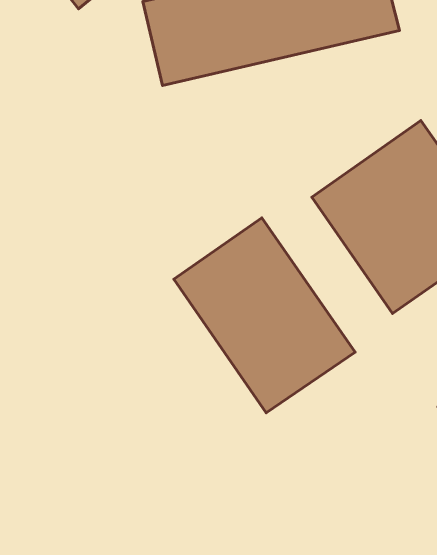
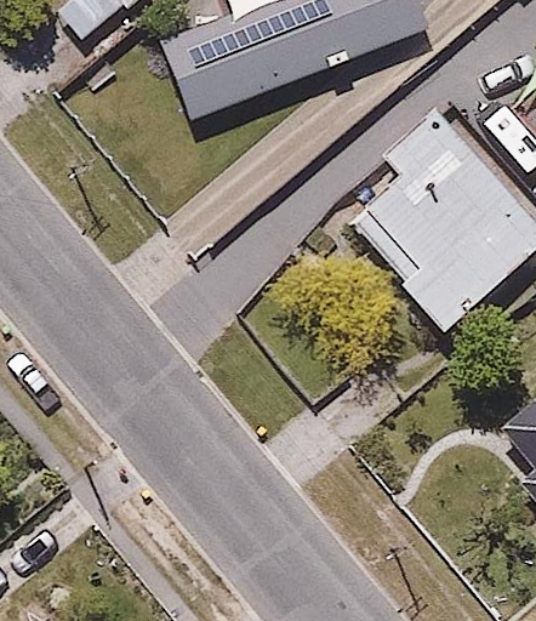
building: [174,218,355,413] -> none

